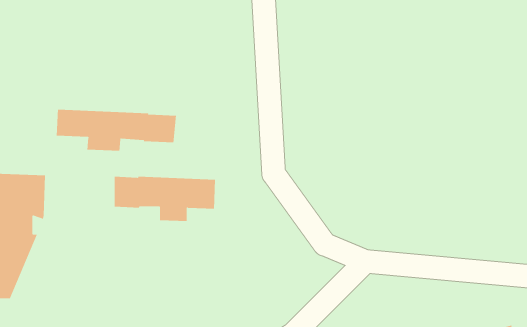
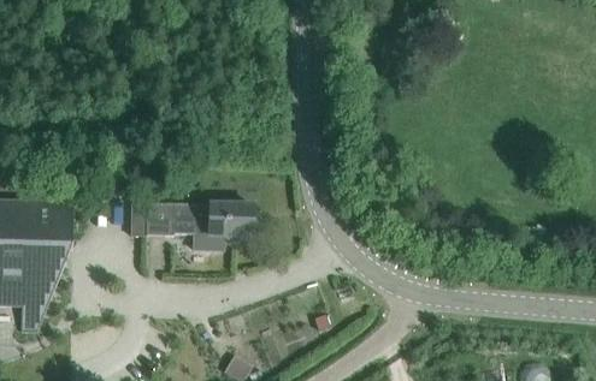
building: [56,109,176,152] -> none

